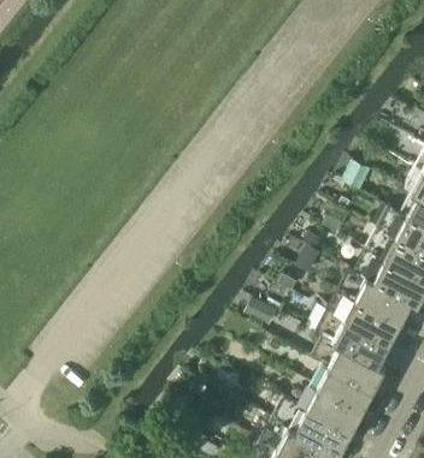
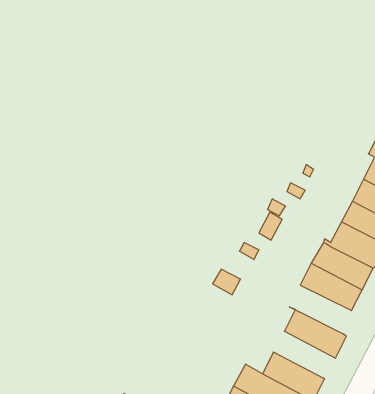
building: [329,319,390,369] -> none
building: [313,364,375,411] -> none

